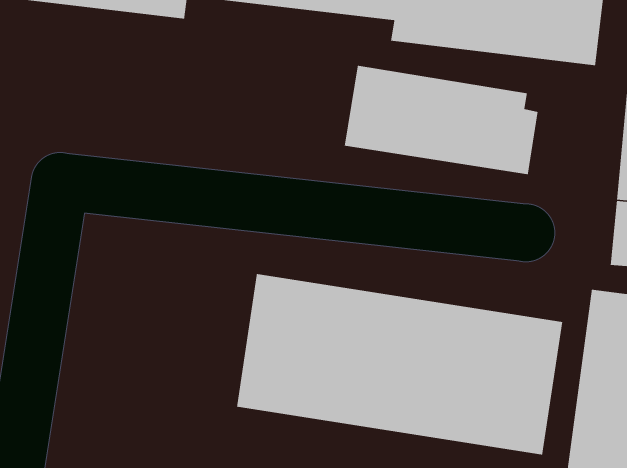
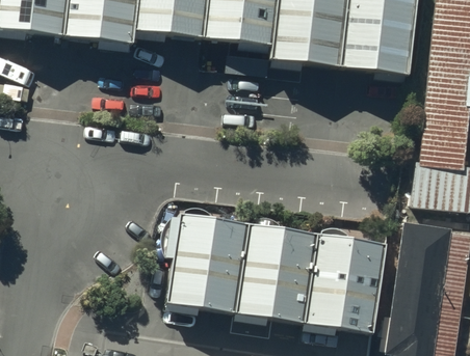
building: [344,65,538,175] -> none

